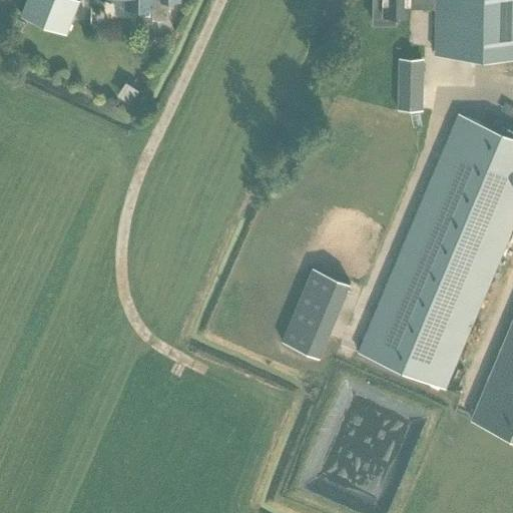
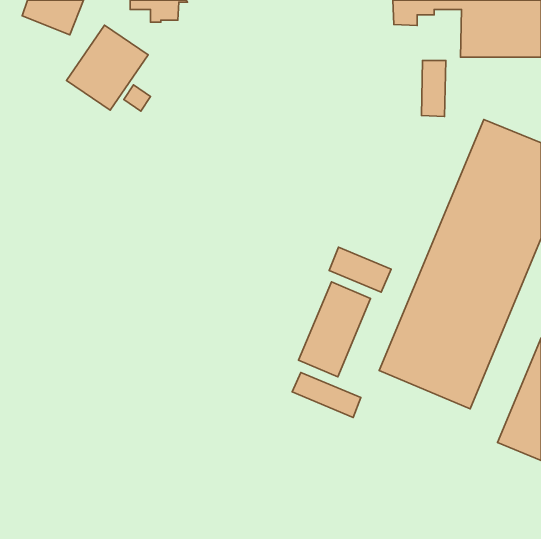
building: none -> [66,25,148,110]
building: none -> [329,247,391,292]
building: none -> [292,372,361,418]

